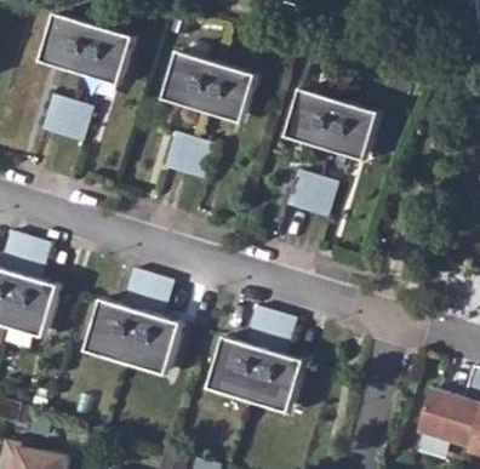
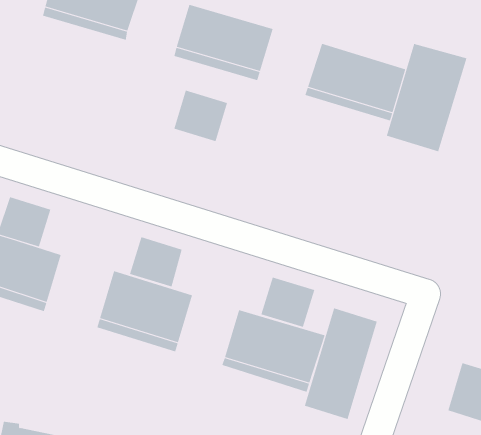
building: none -> [386,43,467,152]
building: [40,93,91,142] -> none
building: [285,170,336,217] -> none
building: none -> [304,307,377,420]

